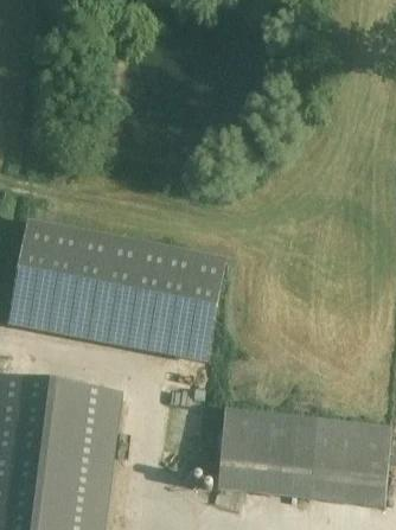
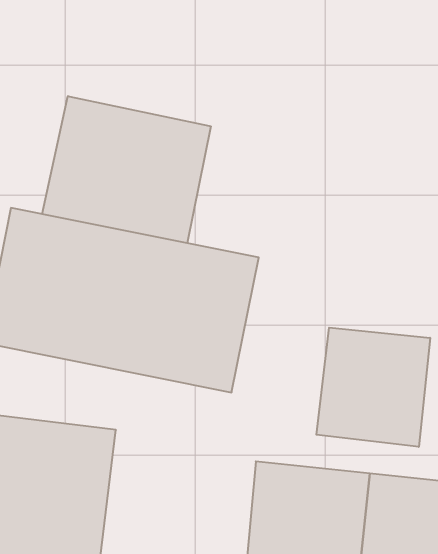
building: none -> [42,96,211,243]
building: none -> [316,328,430,447]

